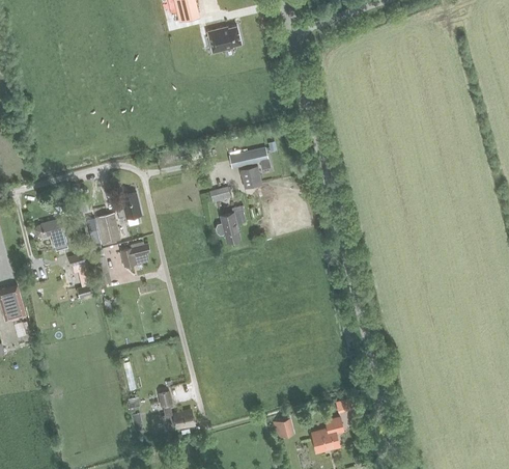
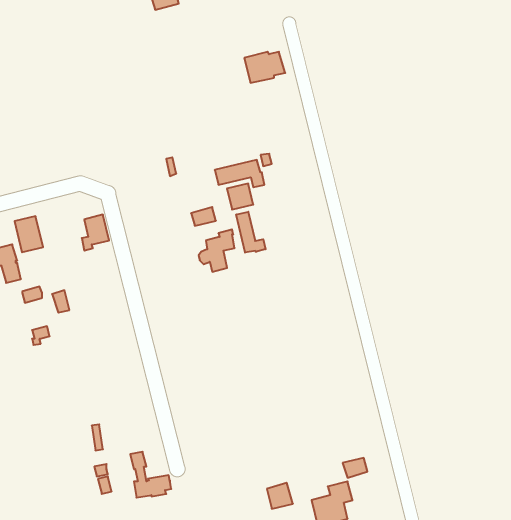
building: [207,27,242,53] -> [244,52,285,83]
building: none -> [236,212,266,253]
building: [95,214,119,244] -> [15,216,43,252]
building: [120,242,149,267] -> none

